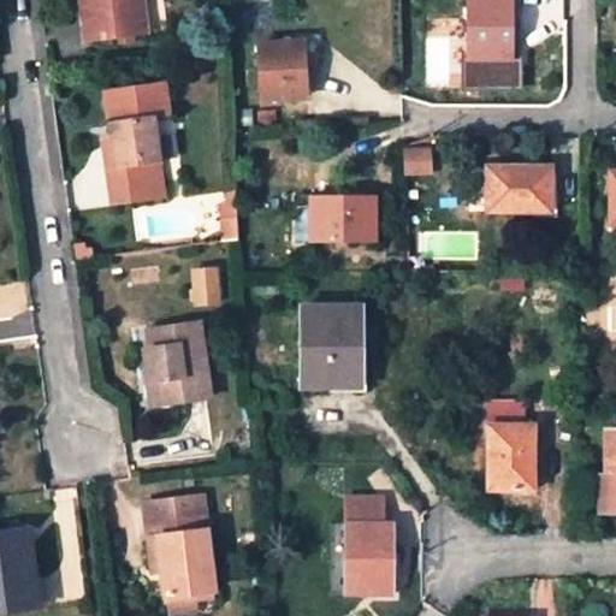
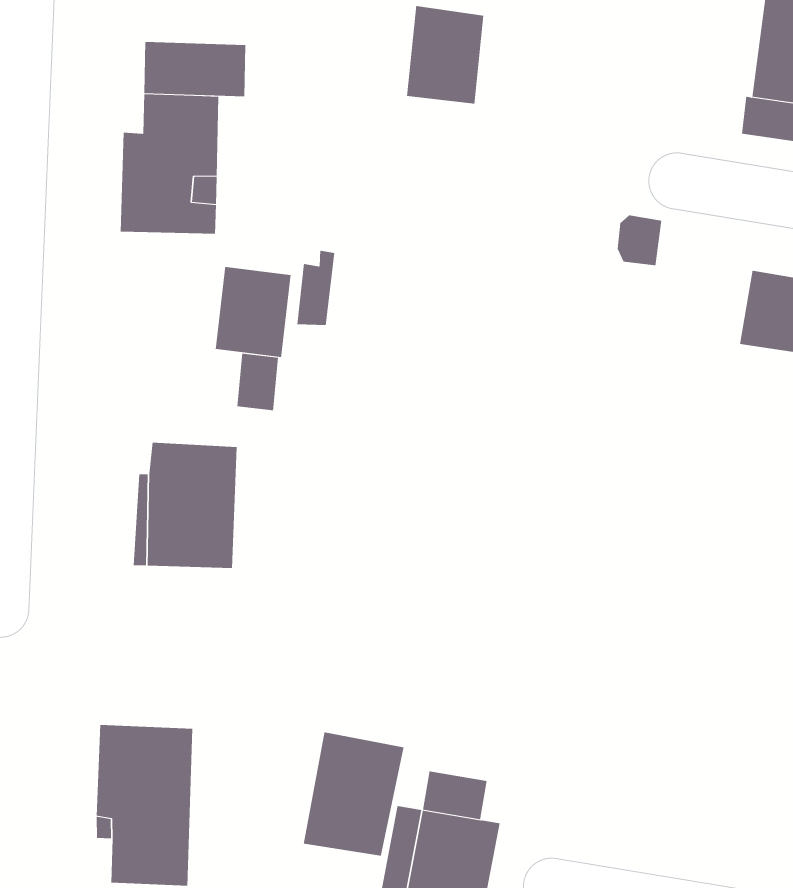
building: [312,197,377,241] -> none
building: none -> [215,266,291,358]
building: [303,304,363,384] -> none
building: [490,402,535,488] -> none
building: none -> [303,732,404,857]

